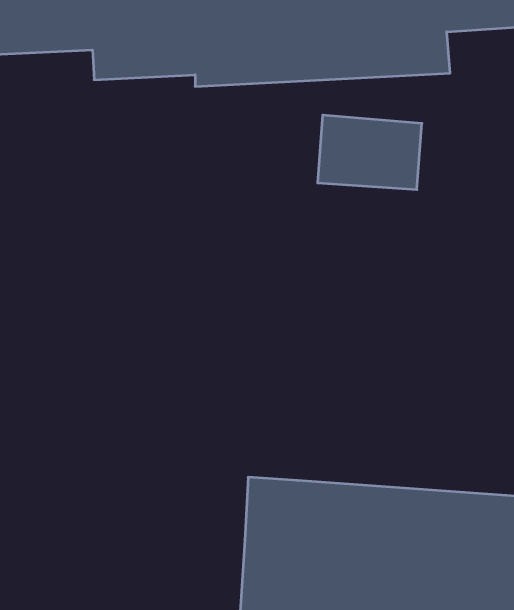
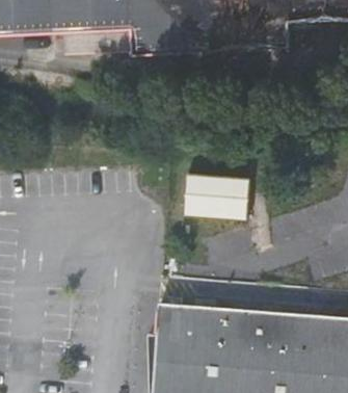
building: [318,115,422,190] -> [183,172,248,218]

